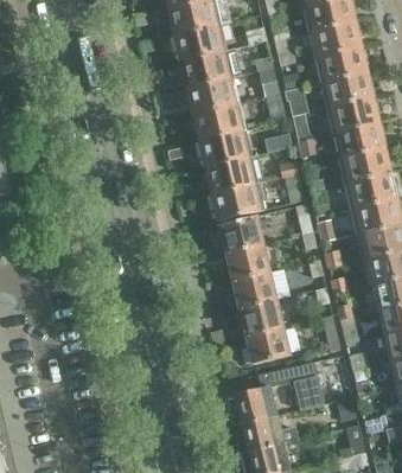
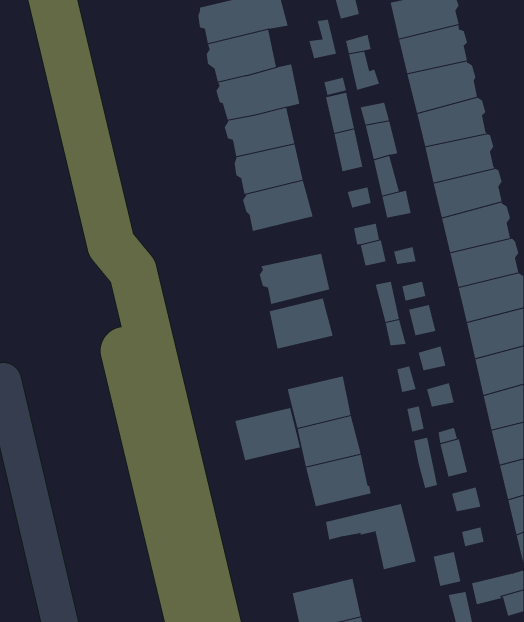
building: [204,156,255,192] -> none
building: [223,242,270,280] -> [235,408,301,461]
building: [226,385,277,426] -> none

